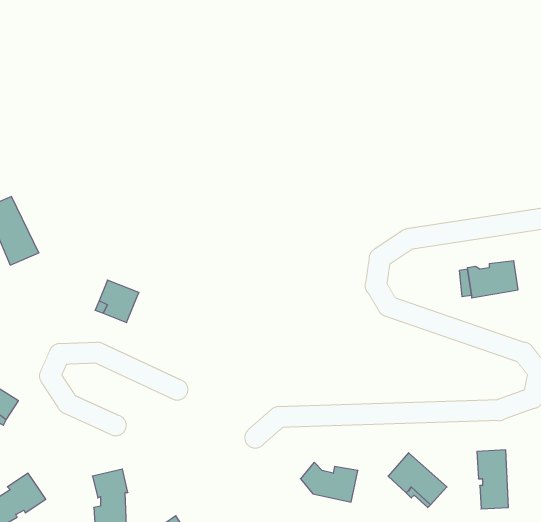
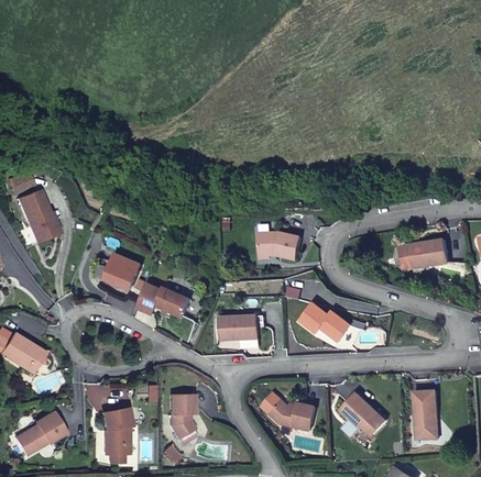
building: none -> [258,232,300,259]
building: none -> [136,281,192,317]
building: none -> [298,303,351,343]
building: none -> [219,314,258,340]
building: none -> [168,392,194,436]

